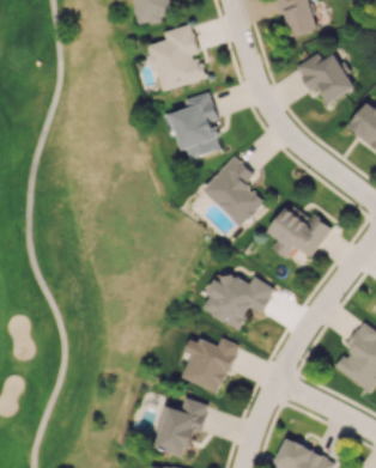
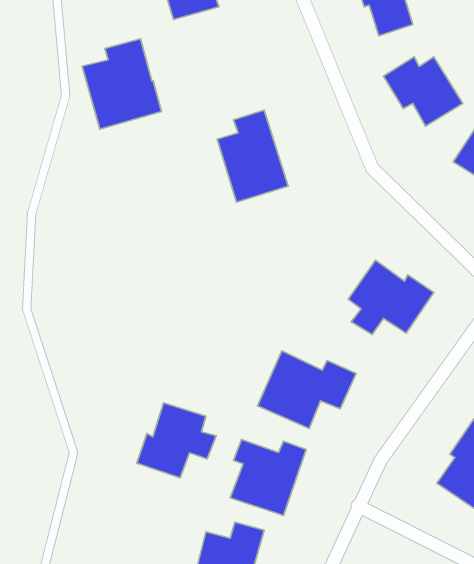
building: [147,24,206,91] -> [82,39,161,129]
building: [201,156,263,226] -> none
building: none -> [137,403,216,478]

